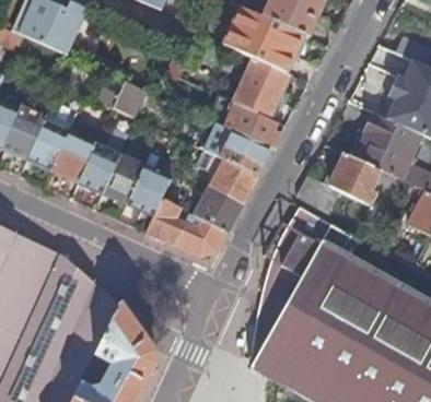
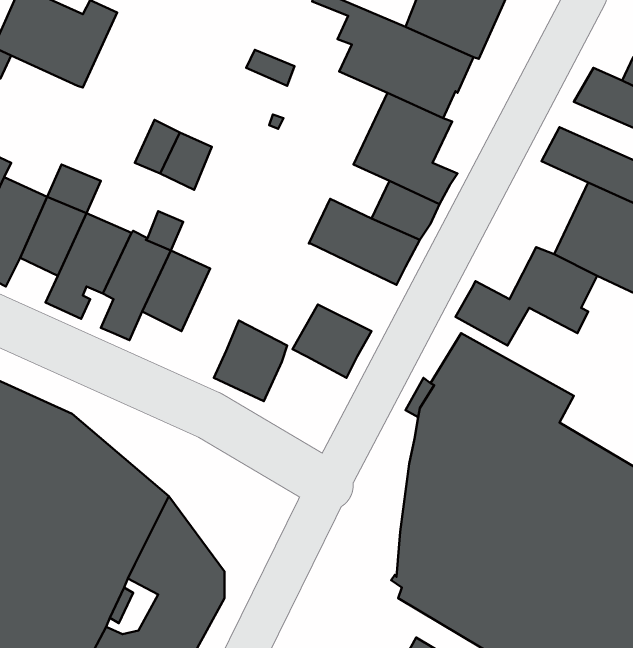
building: [202,150,258,203] -> none
building: [127,165,172,215] -> none
building: [177,218,228,256] -> none

